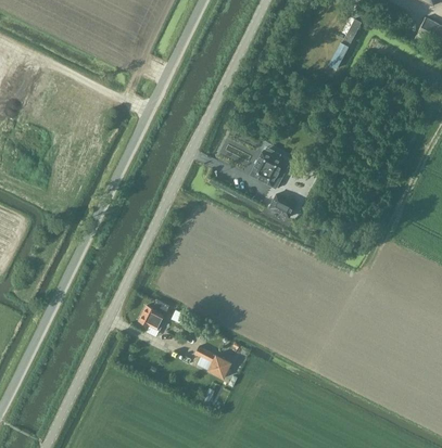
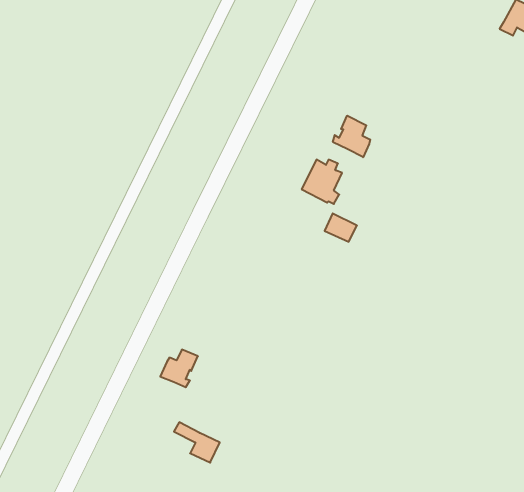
building: none -> [333,116,370,157]
building: [197,346,233,379] -> [174,422,220,463]

